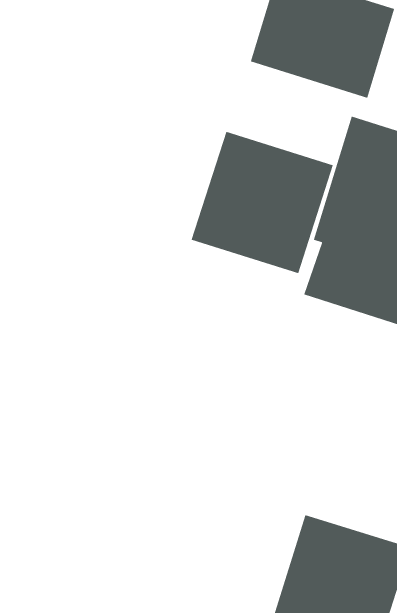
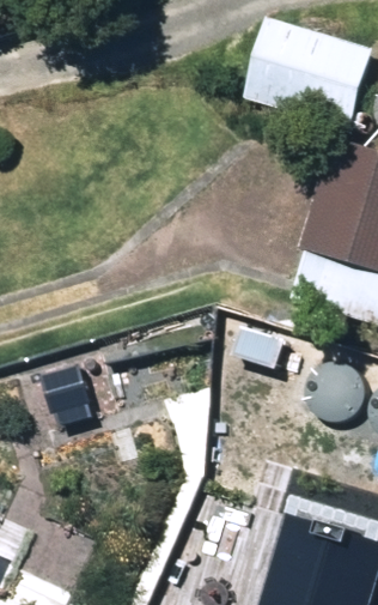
building: [191,131,334,274] -> none

